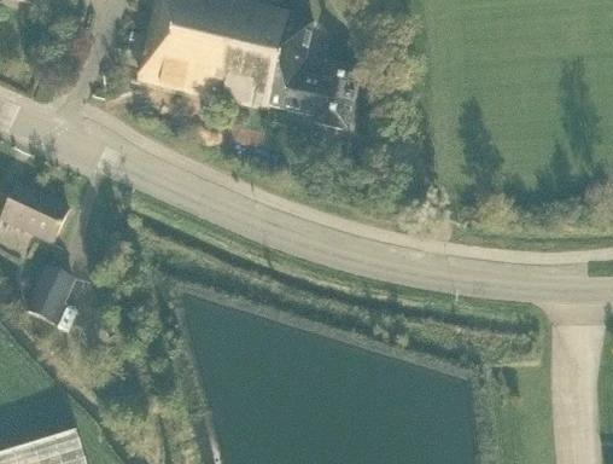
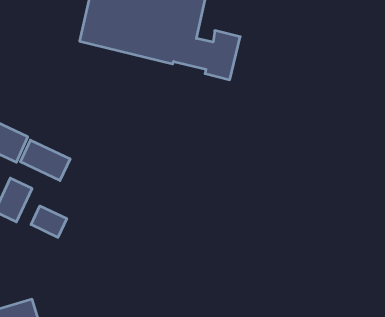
building: none -> [20,140,70,181]
building: none -> [31,206,67,237]

